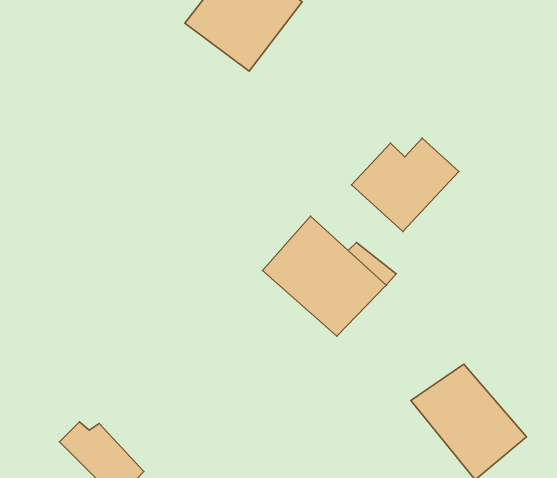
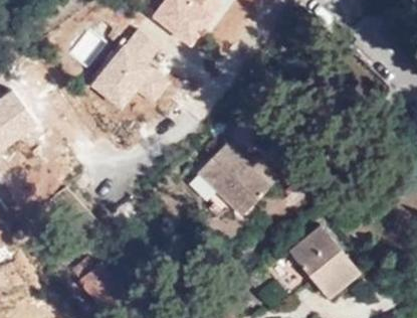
building: none -> [91,30,168,111]
building: [352,138,459,232] -> none

